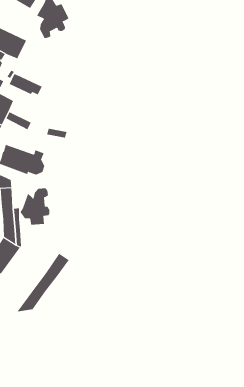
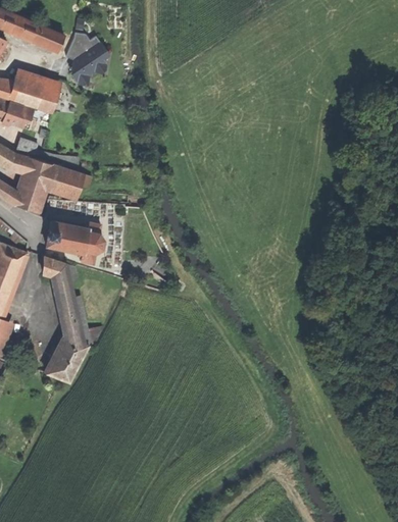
building: [9,73,43,95] -> [50,166,92,190]
building: [20,187,50,225] -> none
building: [16,253,69,313] -> none

